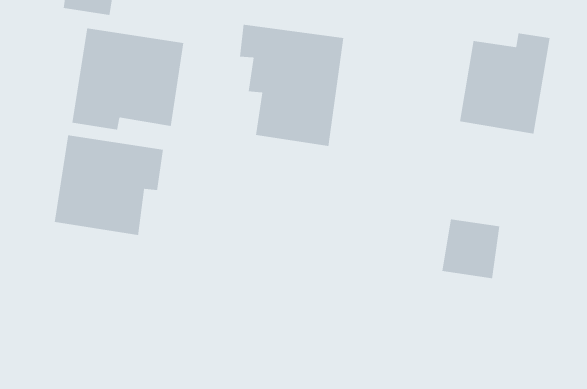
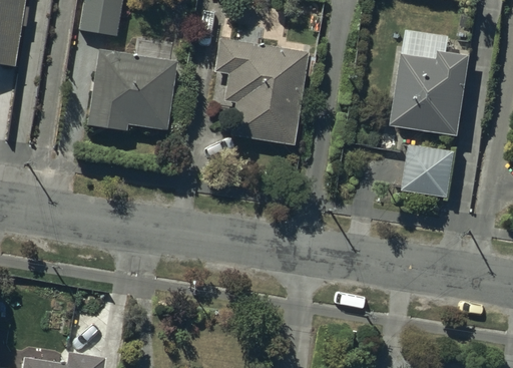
building: [54,135,163,236] -> none
building: [442,219,500,279] -> [408,144,455,193]

